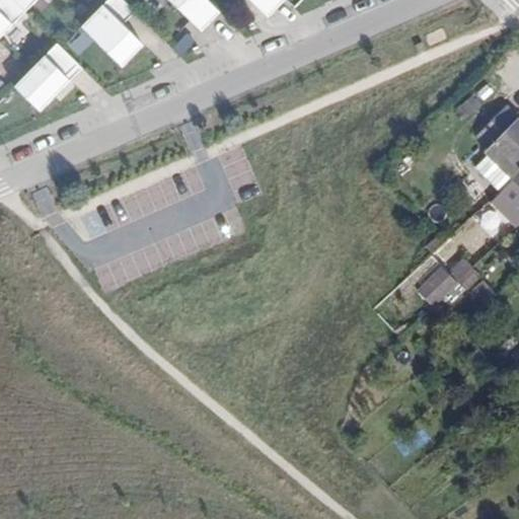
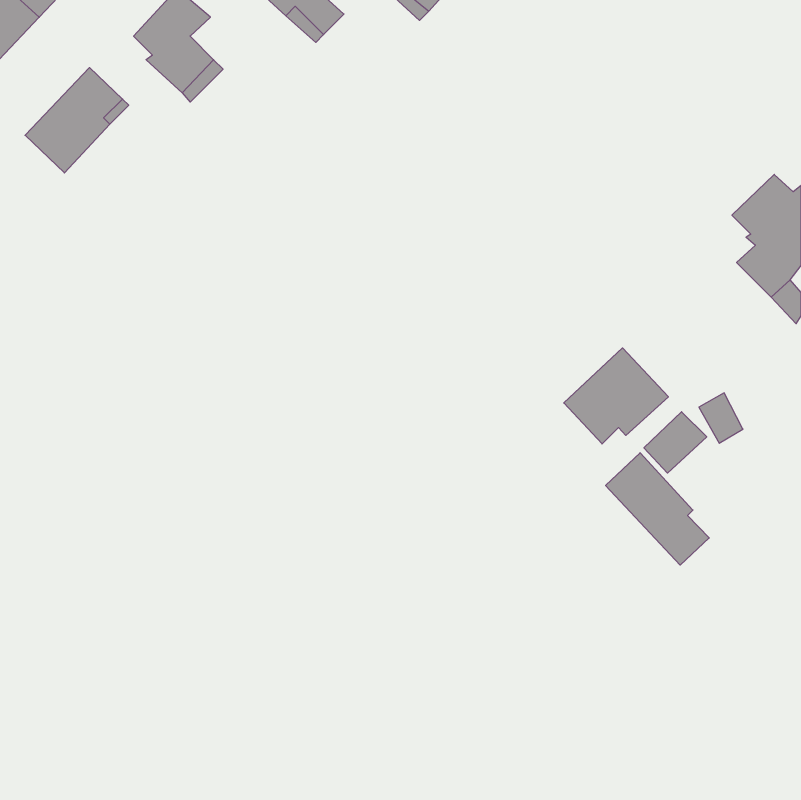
building: none -> [564,348,668,444]
building: none -> [606,453,709,565]

